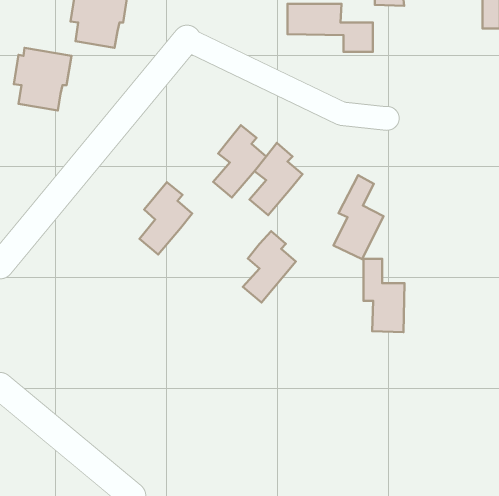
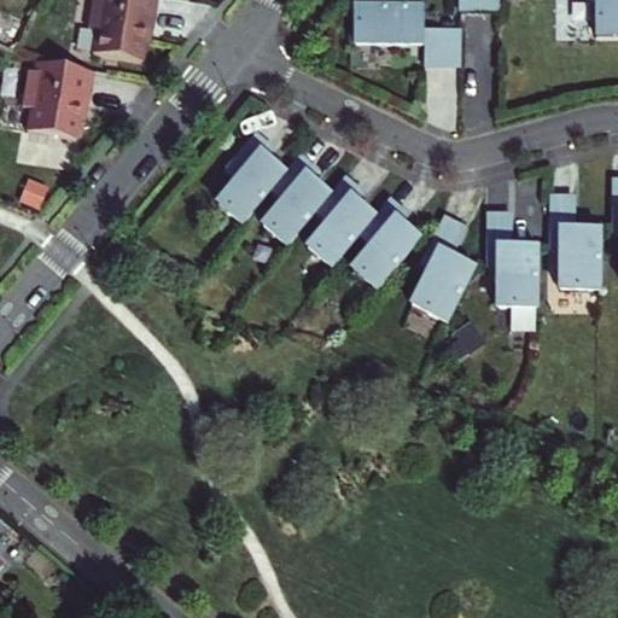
building: none -> [549,197,600,287]
building: [139,182,192,255] -> [220,133,285,222]
building: [243,231,296,303] -> [354,199,419,287]
building: [364,259,405,332] -> [486,215,537,305]

